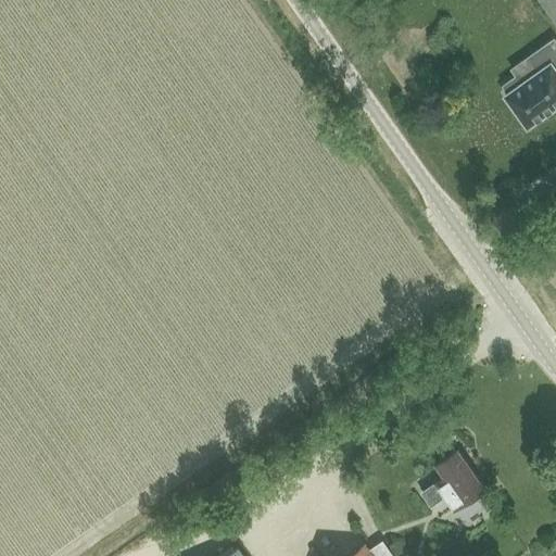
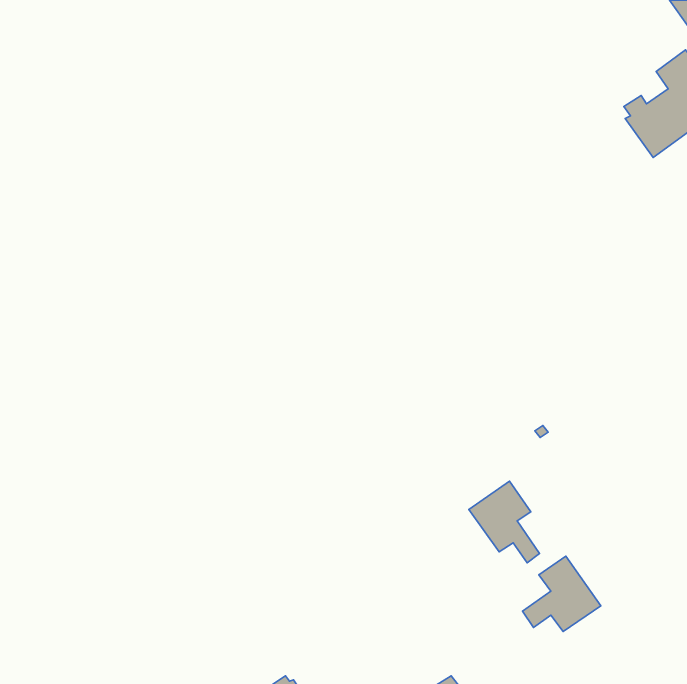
building: none -> [469,481,540,563]

